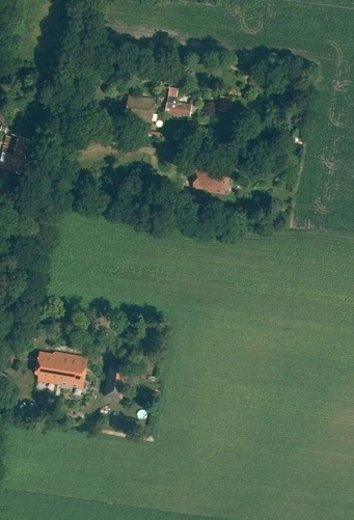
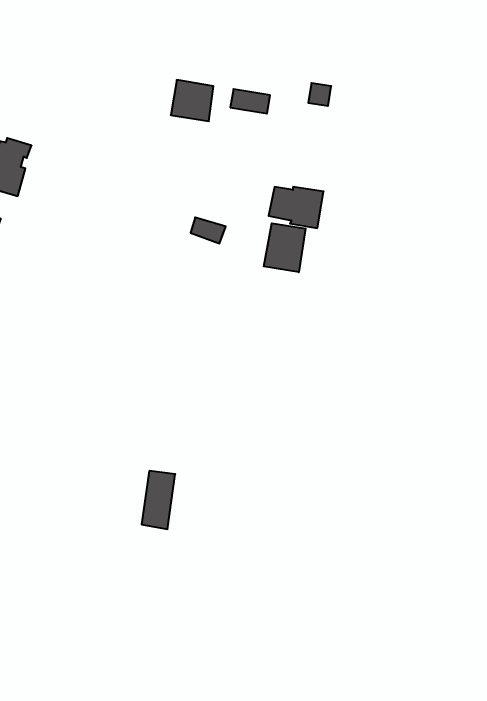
building: none -> [264,223,306,272]
building: [36,353,87,388] -> none

